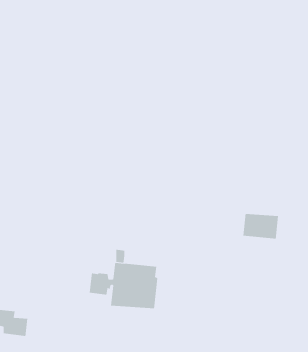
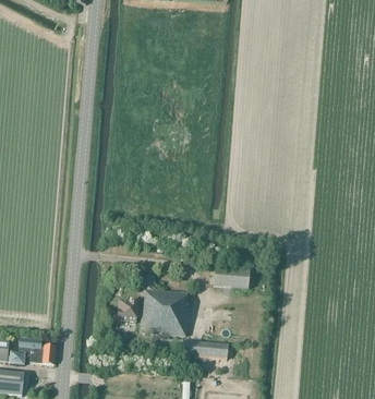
building: [243,214,279,239] -> [214,263,251,289]
building: none -> [183,339,228,359]

